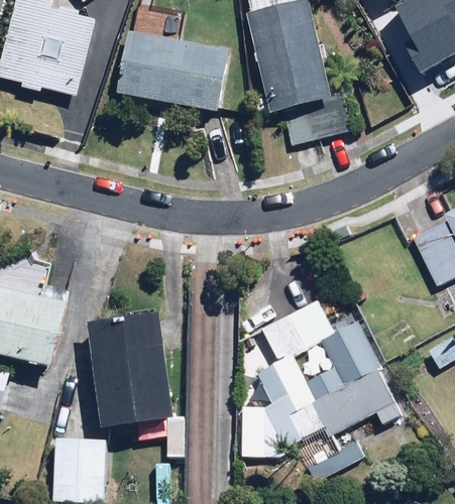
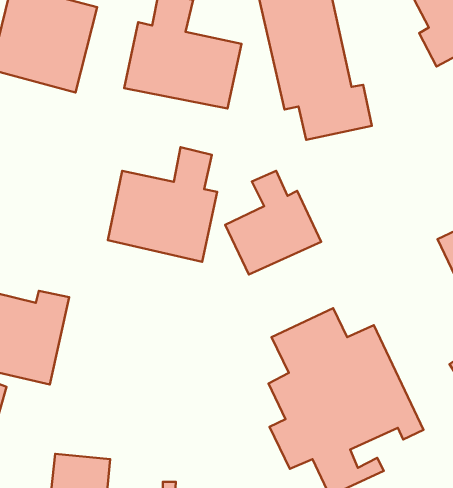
building: none -> [108,147,217,262]
building: none -> [225,171,321,275]
building: [86,310,175,426] -> none

